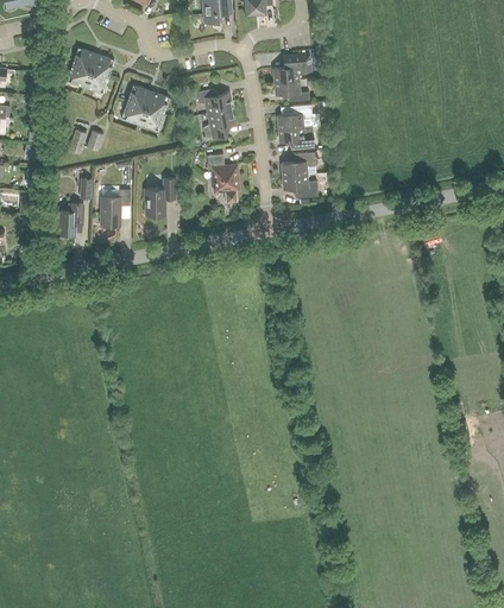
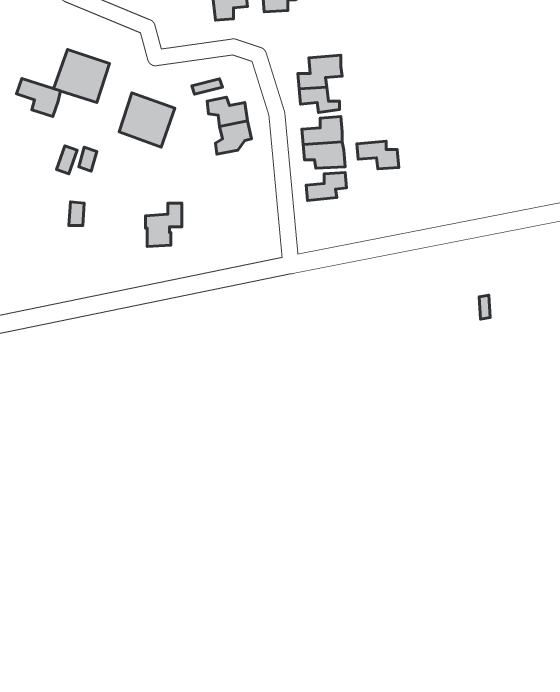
building: none -> [16,78,61,116]
building: [207,153,238,202] -> none
building: [282,173,317,197] -> [357,141,399,169]
building: [100,189,131,224] -> none
building: [58,203,83,234] -> none

